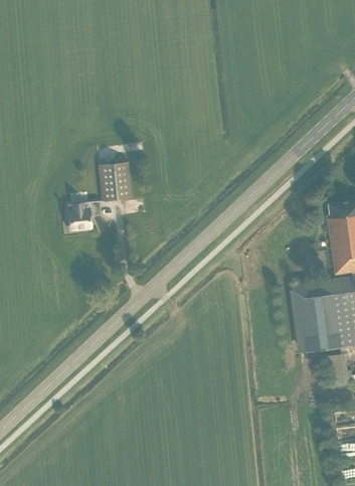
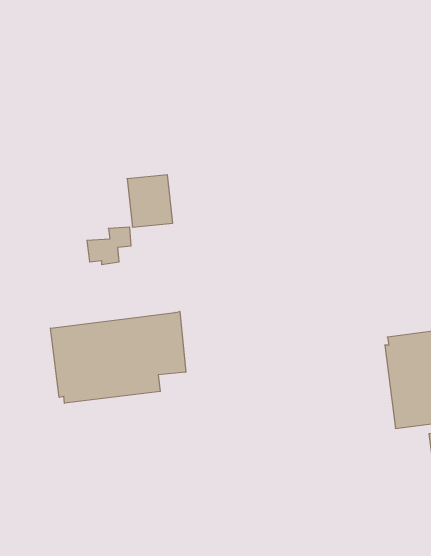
building: none -> [51,311,186,403]

